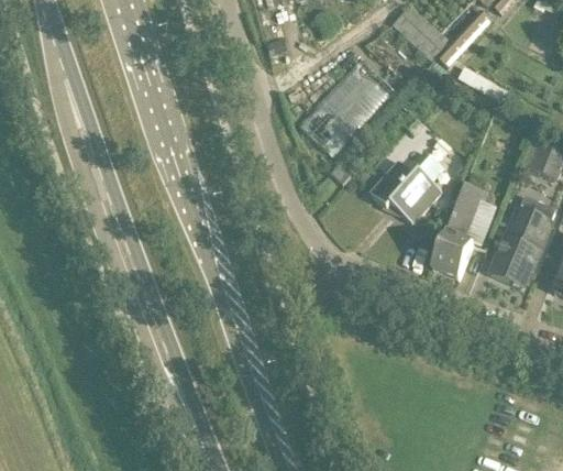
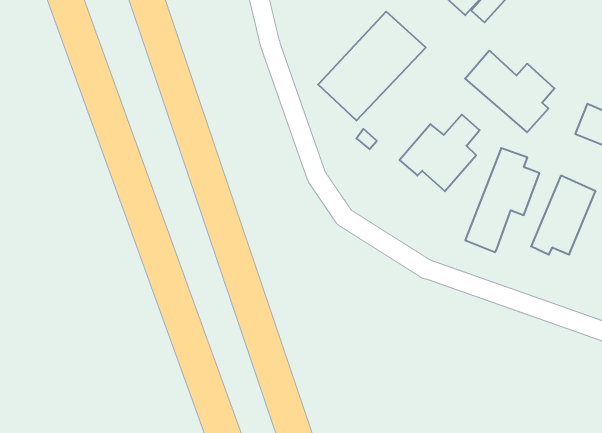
building: none -> [465,51,555,132]

